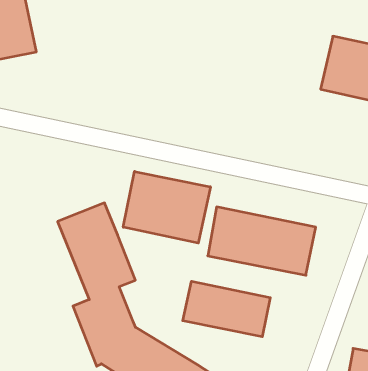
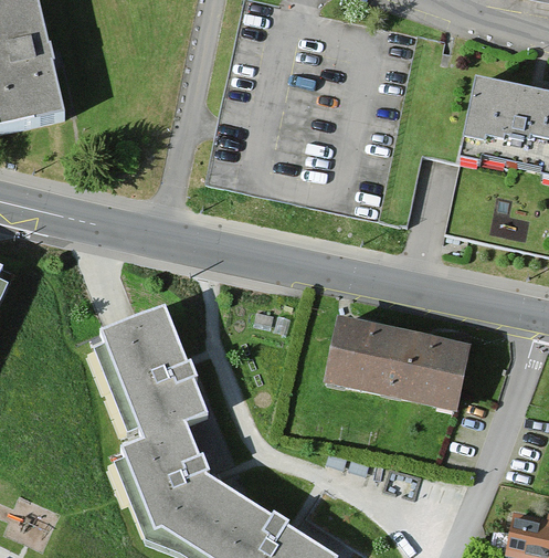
building: [123,171,210,243] -> none
building: [183,281,270,337] -> none

